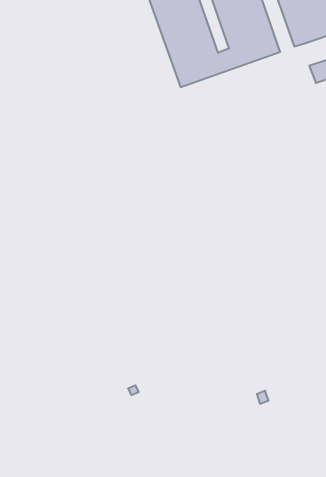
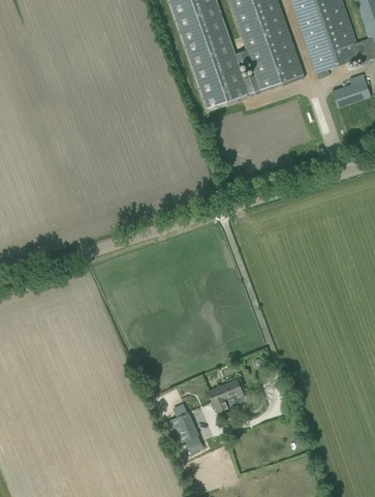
building: none -> [209,377,243,411]
building: none -> [164,411,200,446]

